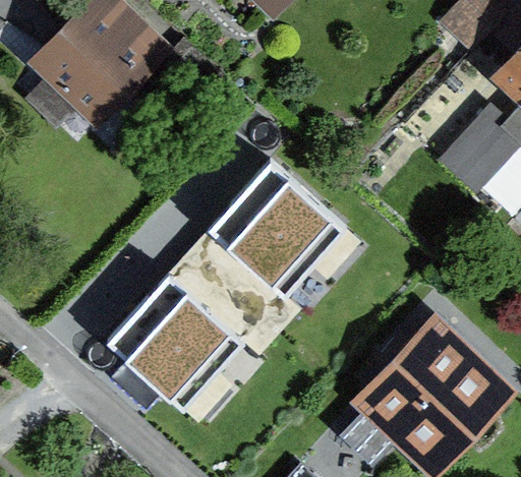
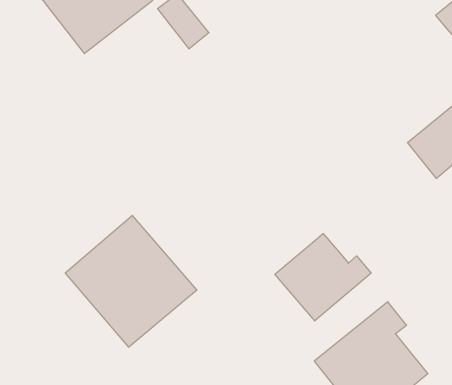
building: [206,161,343,297] -> none
building: none -> [275,234,371,321]

